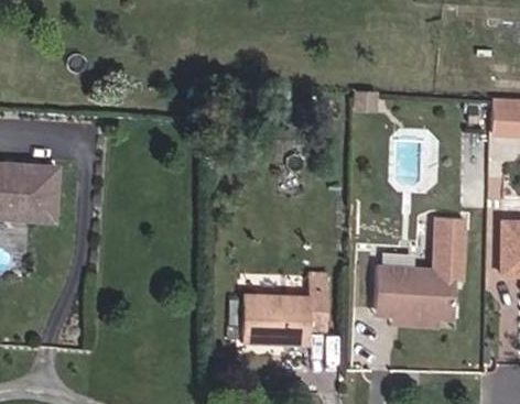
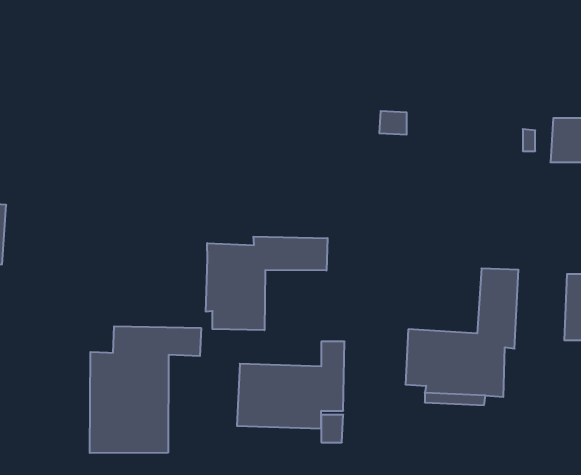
building: none -> [206,237,328,330]
building: none -> [90,326,201,453]

